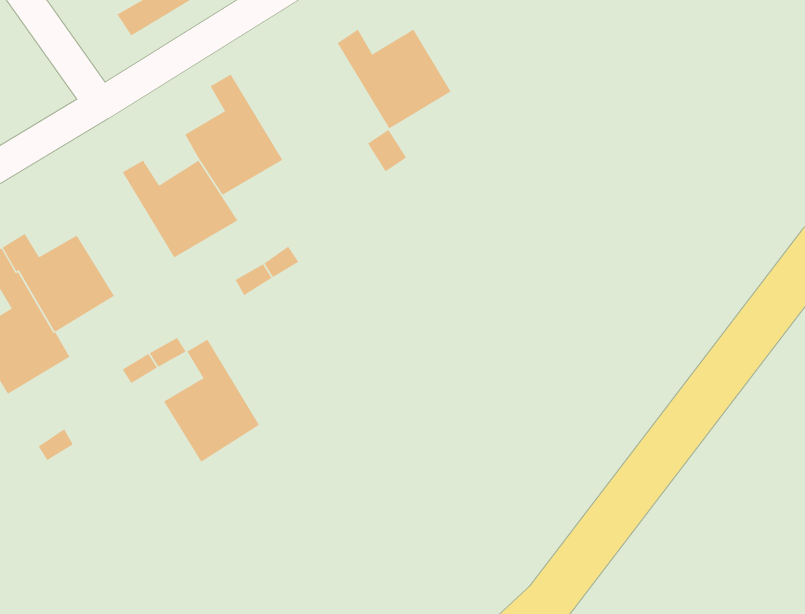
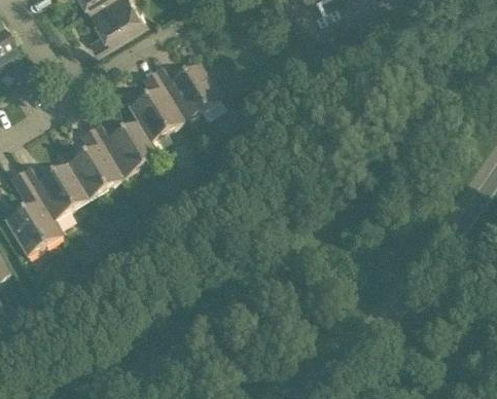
building: [337,29,451,129] -> [152,65,218,122]
building: [163,339,260,463] -> [64,130,119,201]

